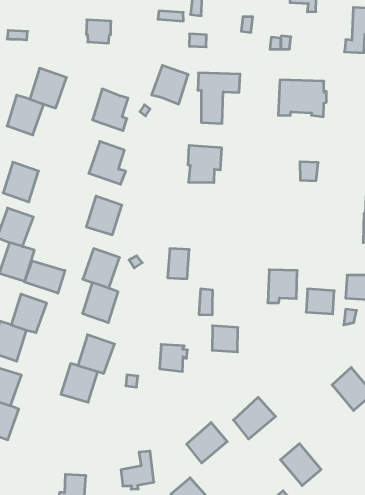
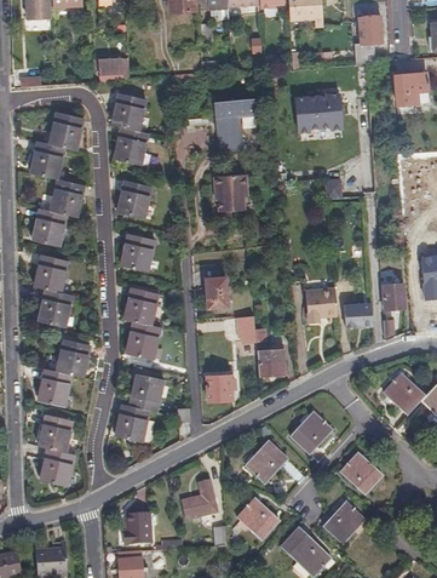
building: [152,65,188,104] -> [111,95,145,131]
building: none -> [52,179,86,217]
building: [24,261,65,293] -> none

